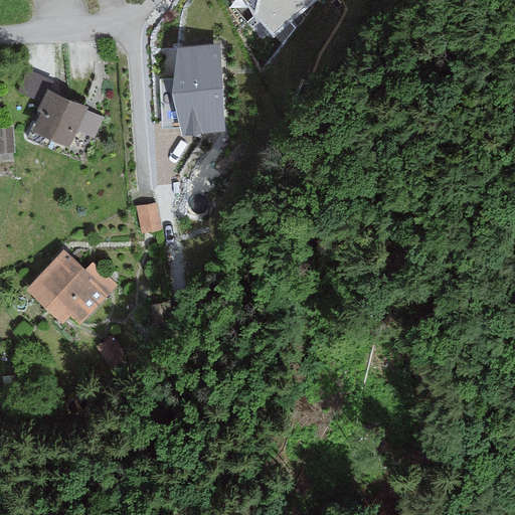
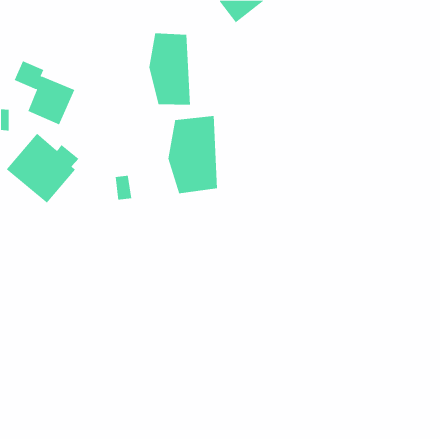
building: none -> [168,115,218,194]
building: [26,250,112,333] -> [6,133,79,204]

